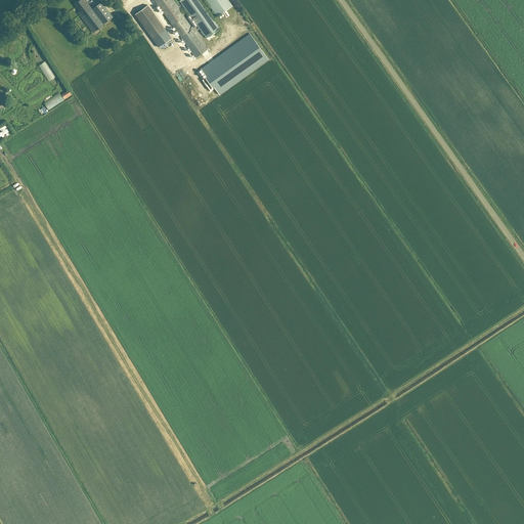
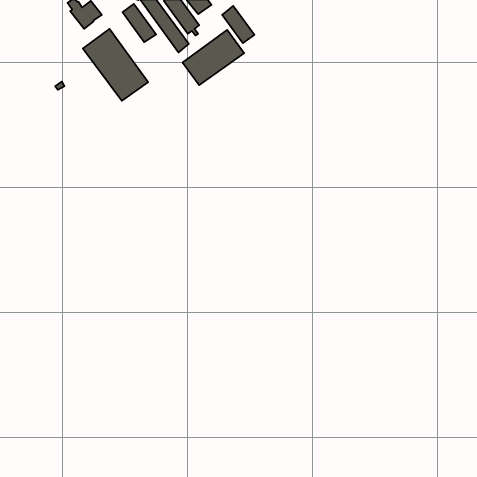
building: none -> [222,6,254,43]
building: none -> [83,29,148,101]

